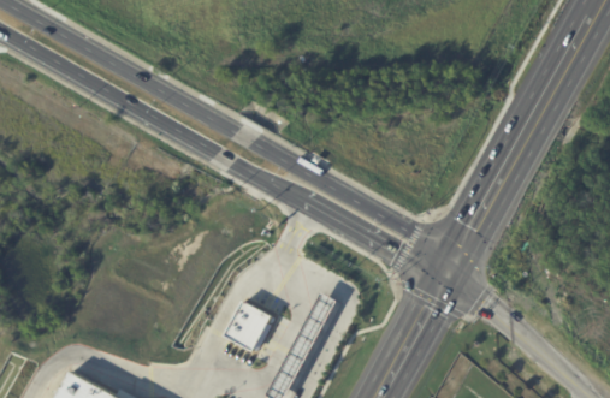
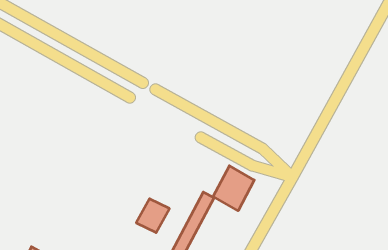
building: none -> [213,166,254,211]

